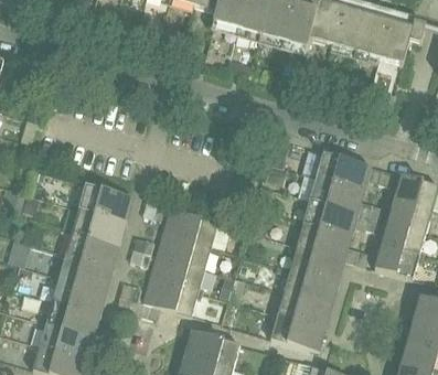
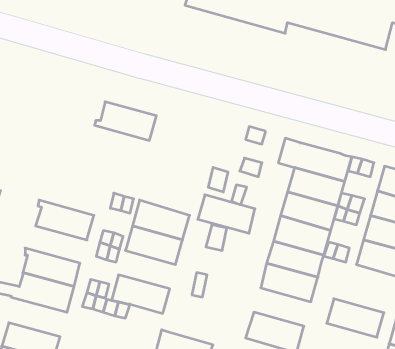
building: [74,184,132,221] -> [95,102,156,140]
building: [61,231,119,266] -> none
building: [149,254,203,290] -> [198,195,255,233]
building: [277,289,331,325] -> [327,299,384,337]
building: [45,298,100,335] -> none

